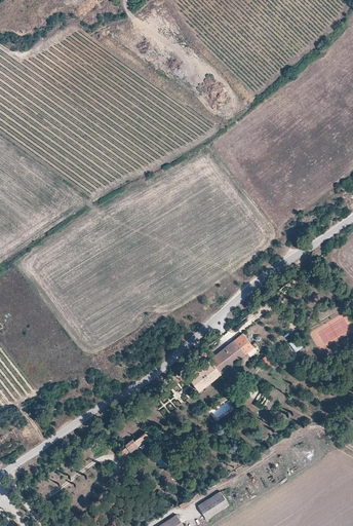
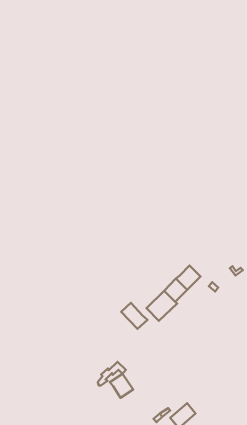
building: none -> [121,303,147,329]
building: none -> [110,374,133,398]

